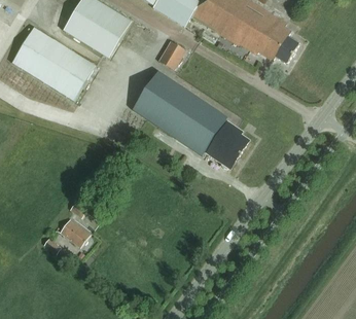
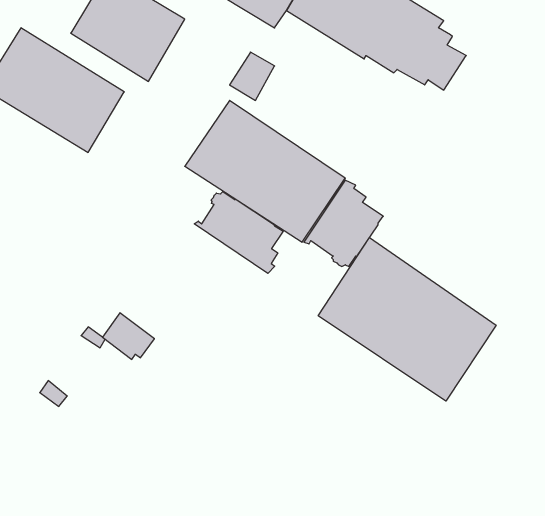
building: none -> [194,192,283,273]
building: none -> [318,237,496,401]
building: [59,217,90,245] -> [103,313,154,359]

